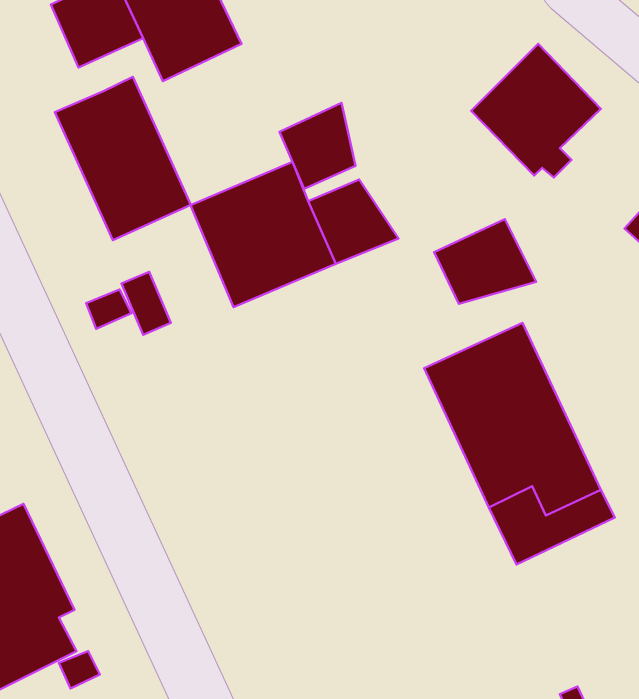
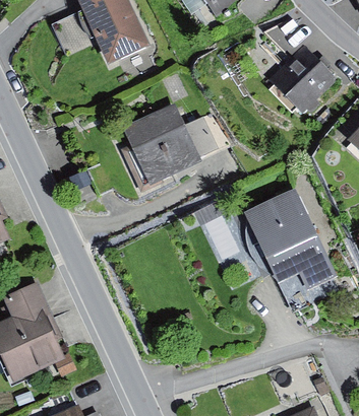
building: [55,77,191,240] -> none
building: [279,103,355,189] -> none
building: [434,219,536,304] -> none

